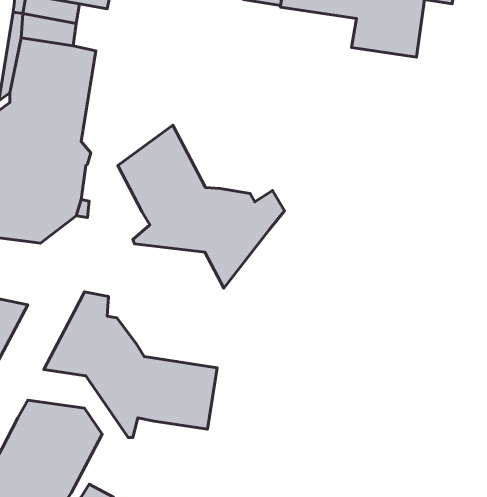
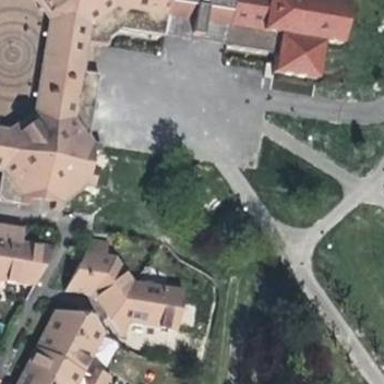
building: [118,125,284,288] -> none

